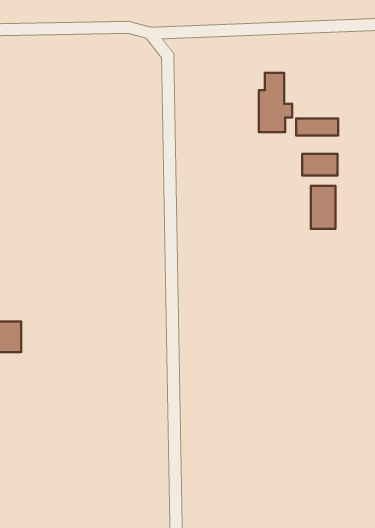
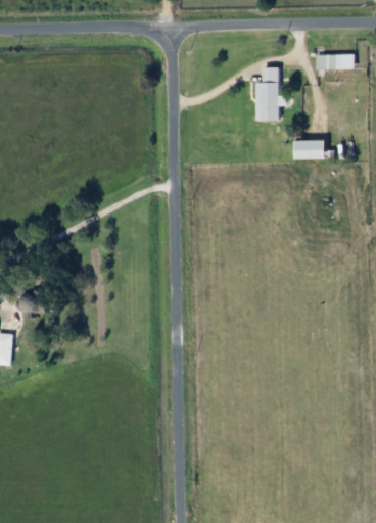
building: [296,118,338,135] -> [316,54,354,69]
building: [311,186,335,229] -> none

